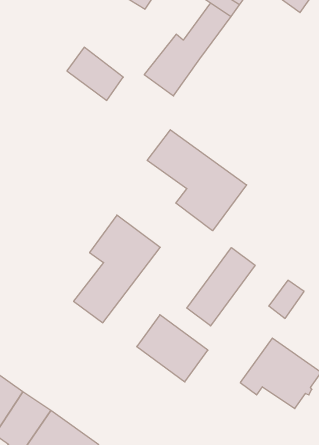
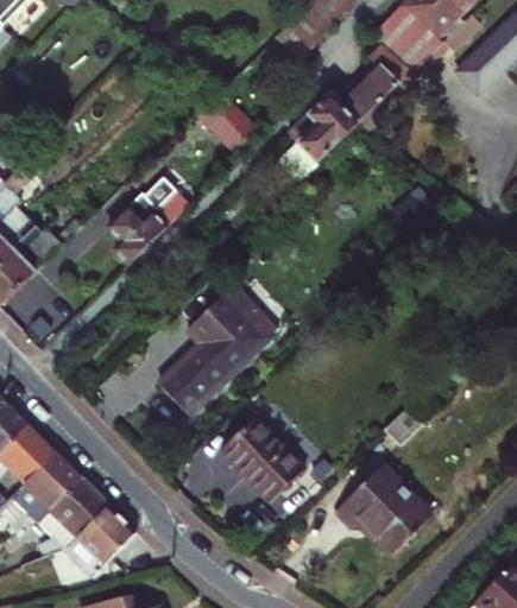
building: [147,130,247,231] -> none
building: none -> [109,190,189,262]
building: [187,248,255,326] -> none

